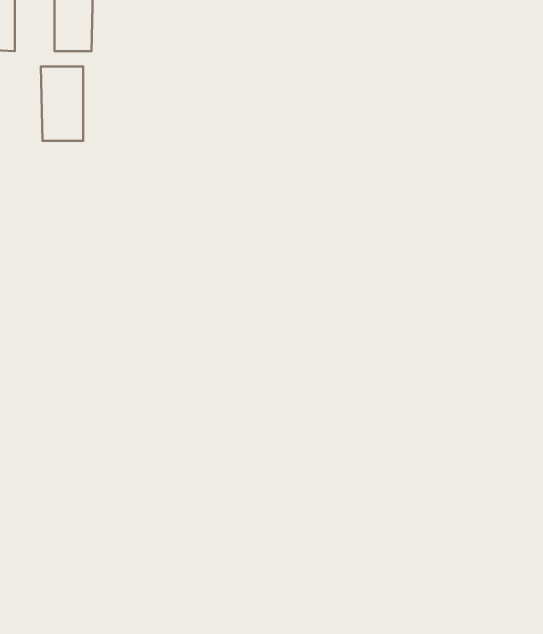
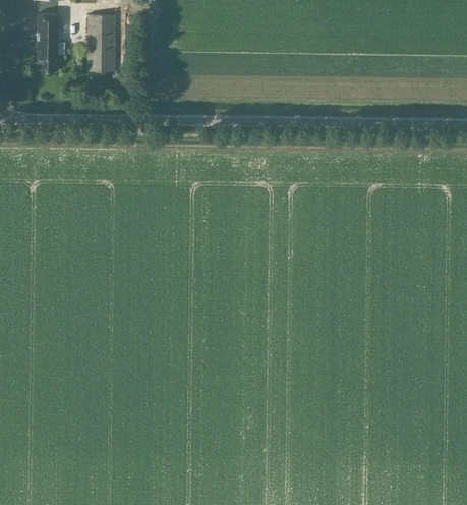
building: [41,67,83,141] -> none

